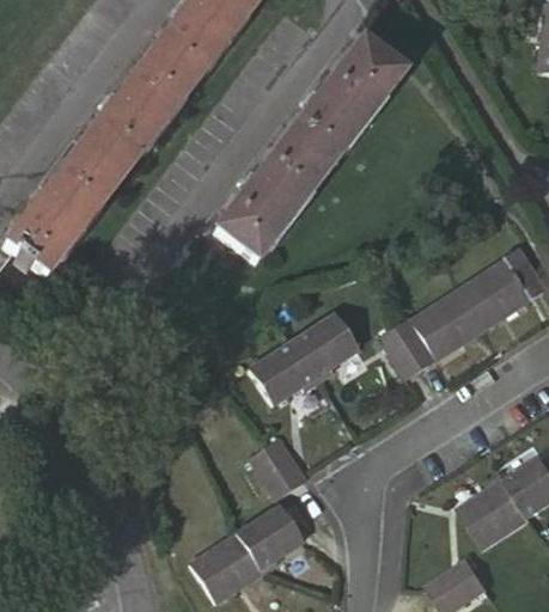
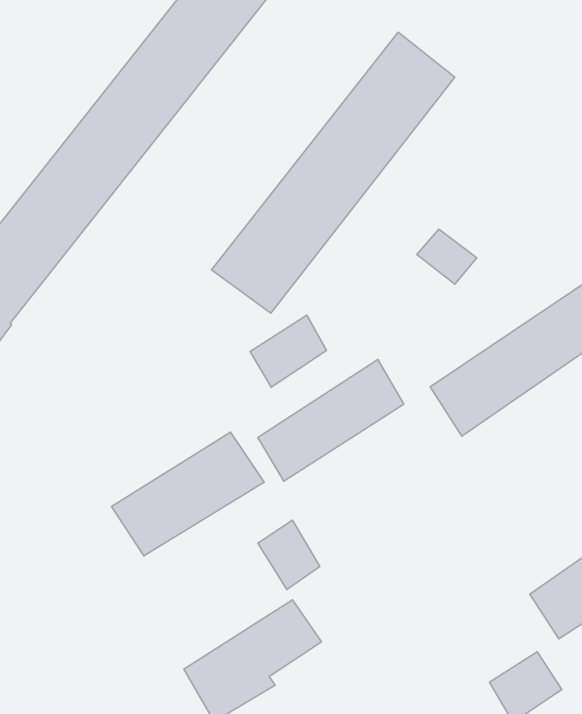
building: none -> [417,229,477,284]
building: none -> [250,315,327,387]
building: none -> [111,432,264,556]

